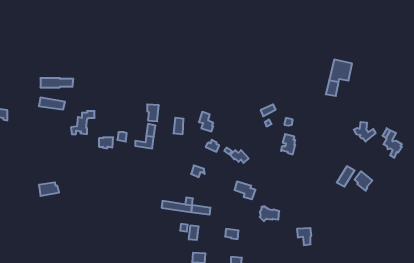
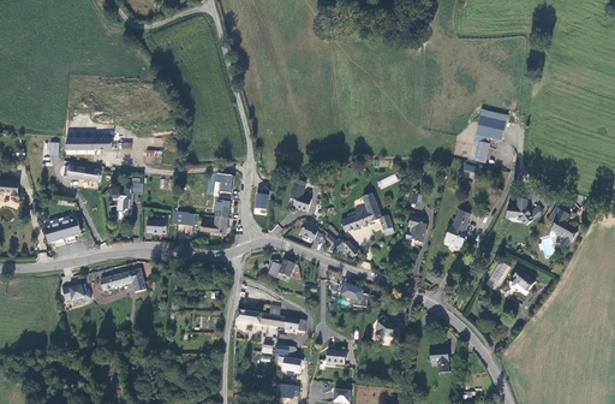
building: none -> [341,194,393,234]
building: none -> [444,209,471,246]
building: none -> [42,216,79,245]
building: none -> [98,269,144,292]

